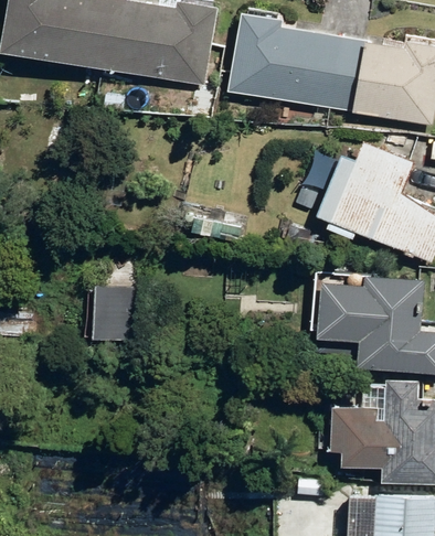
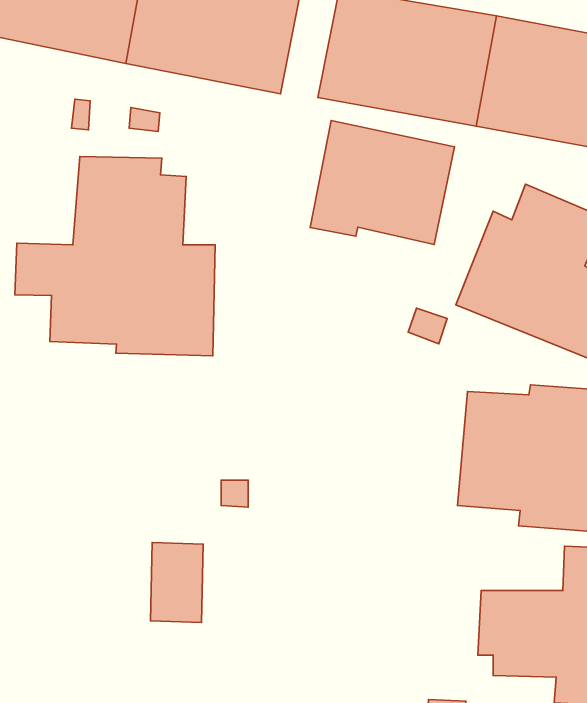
building: none -> [310,121,454,244]
building: none -> [15,156,215,356]
building: [92,286,126,337] -> [150,542,203,622]

